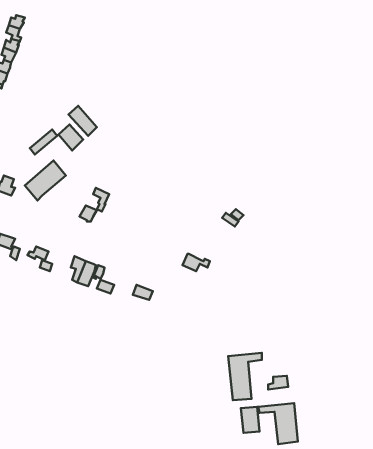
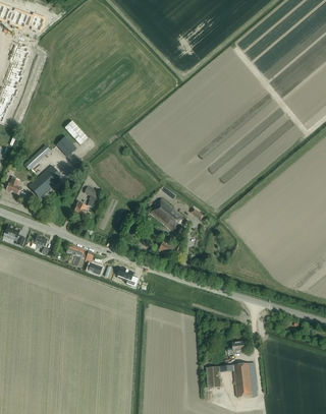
building: none -> [151,198,185,231]
building: [228,353,262,400] -> none

